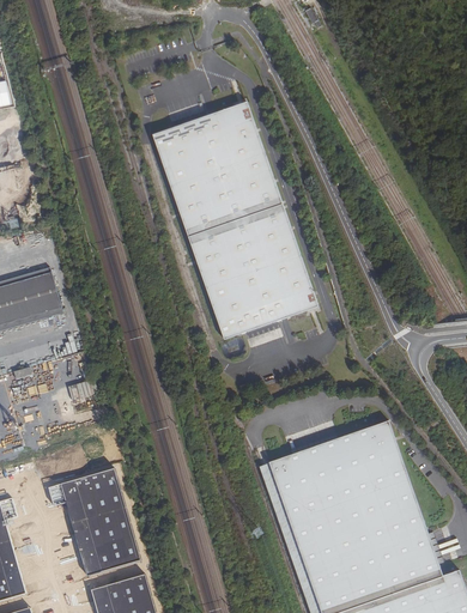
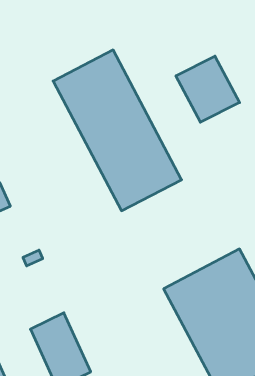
building: none -> [176,56,240,122]

